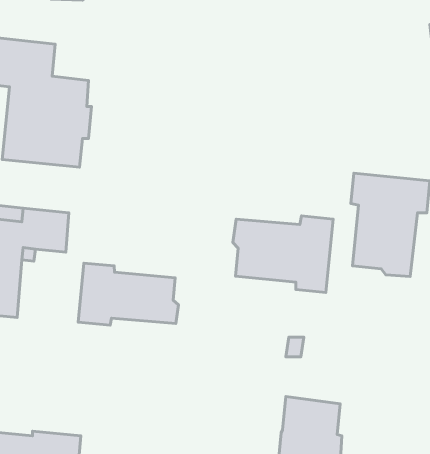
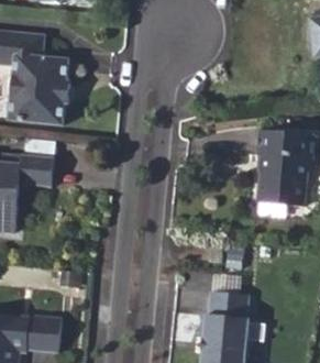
building: [233,216,333,293] -> none
building: [78,263,178,325] -> none

